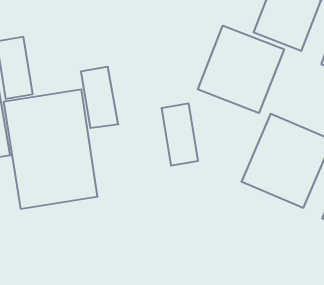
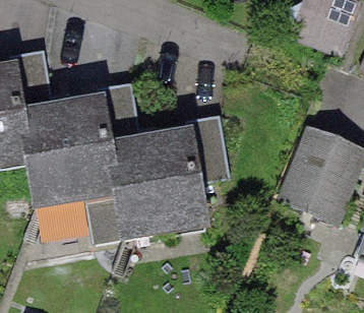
building: [198,26,284,113] -> none
building: none -> [108,129,203,249]

